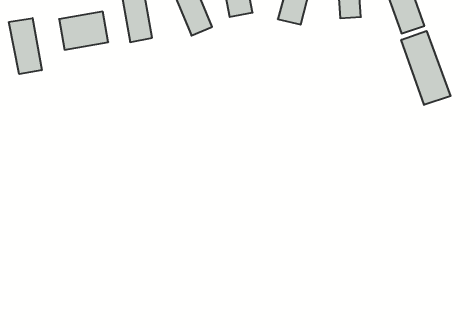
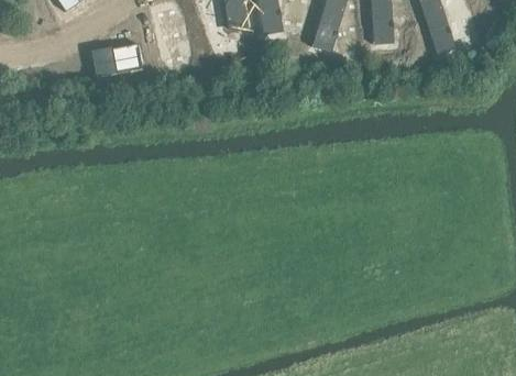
building: [9,18,42,74] -> none
building: [401,31,451,105] -> none

